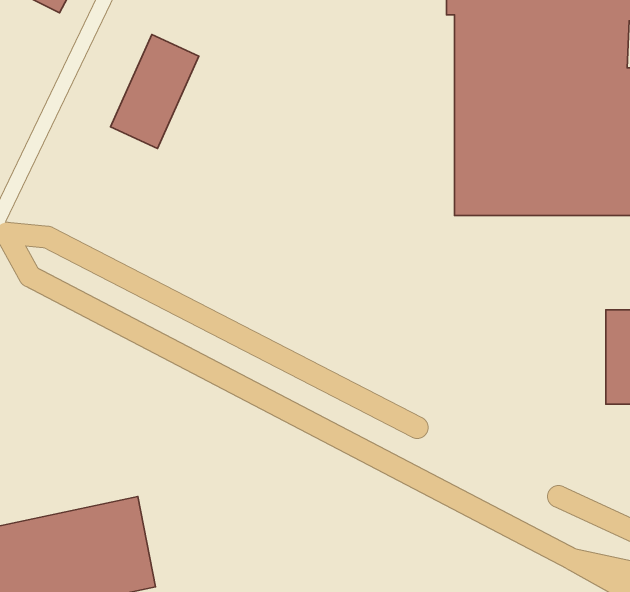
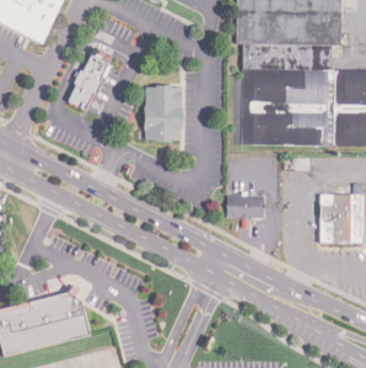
building: none -> [142,86,179,141]
building: none -> [227,196,261,217]

